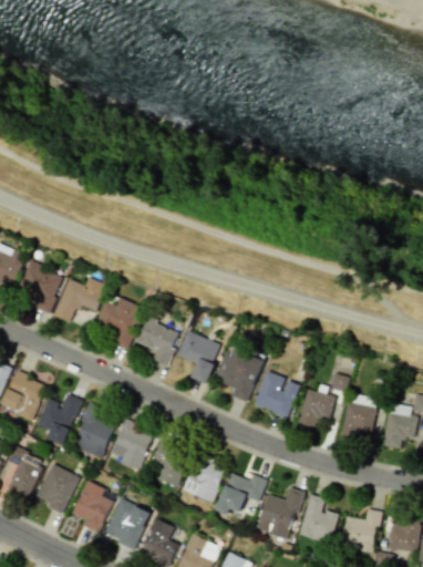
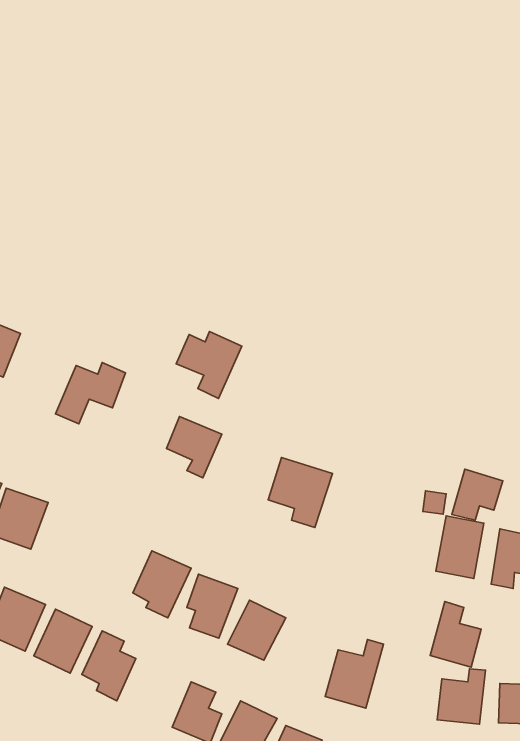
building: [14,261,63,310] -> none
building: [94,298,144,349] -> [176,332,242,399]
building: [176,333,219,384] -> none
building: [252,371,299,417] -> none
building: [297,389,336,427] -> [452,469,503,520]
building: [37,393,81,445] -> none
building: [72,403,115,458] -> none
building: [218,473,267,513] -> none
building: [299,494,338,544] -> [430,602,481,667]
building: [104,499,151,548] -> none

